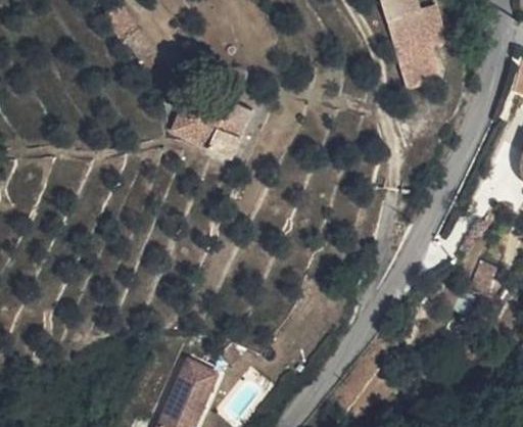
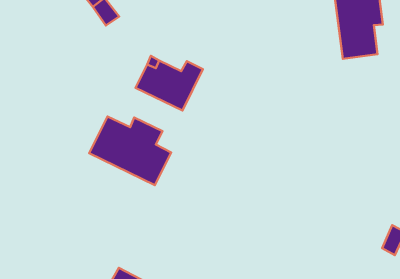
building: none -> [89,116,171,185]

